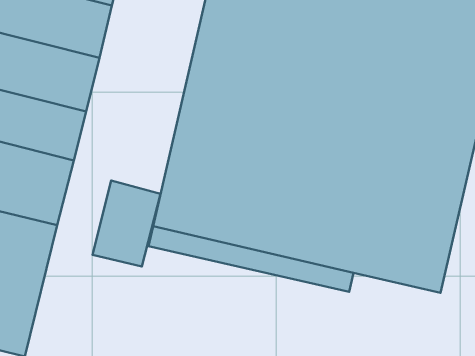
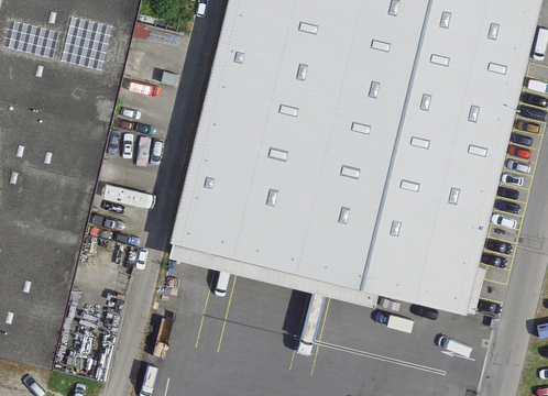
building: [93,181,161,267] -> none

